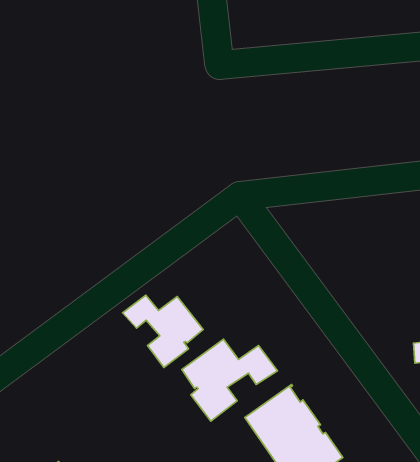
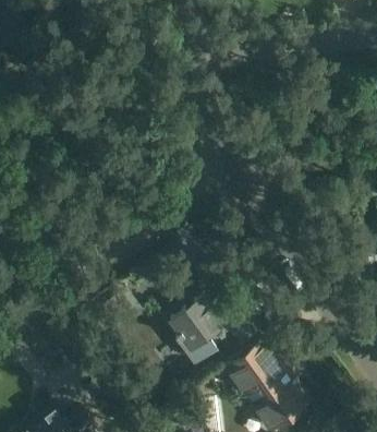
building: [123,295,203,367] -> none

